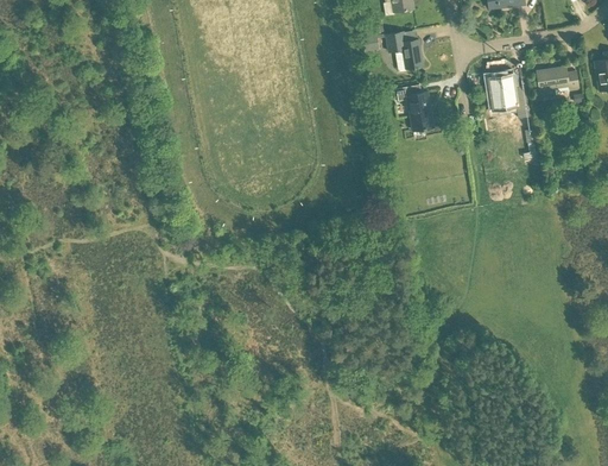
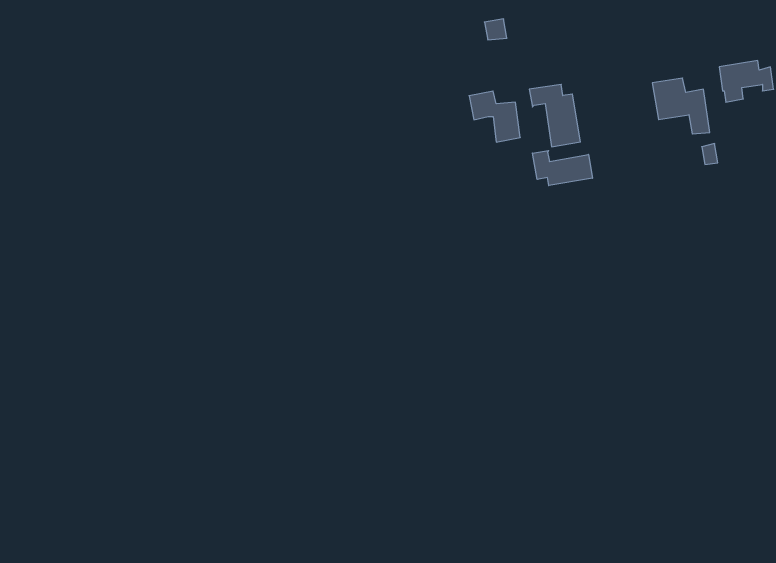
building: [385,30,423,68] -> [469,91,520,142]
building: none -> [532,151,592,186]

